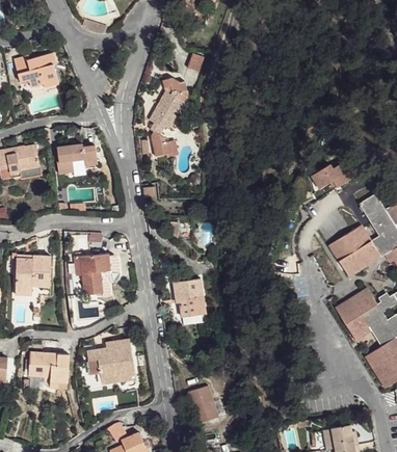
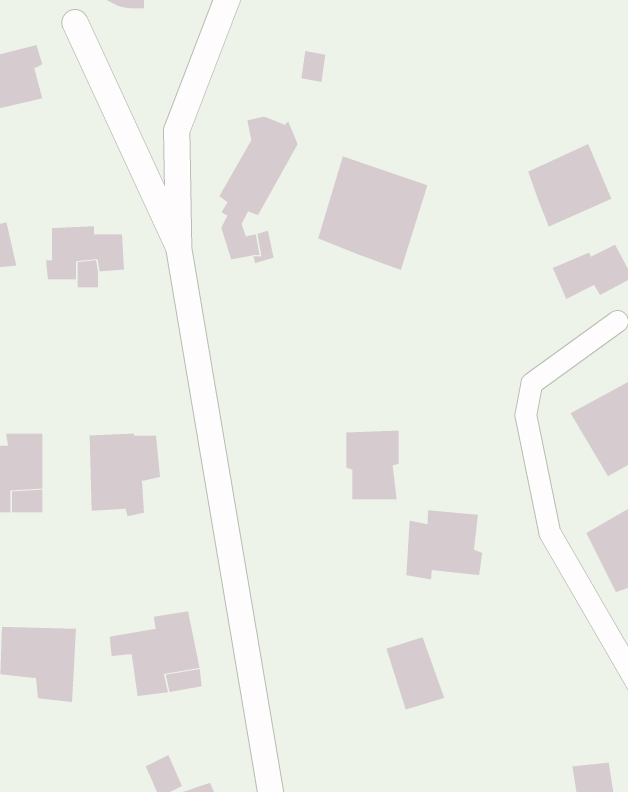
building: none -> [527,143,612,228]
building: none -> [317,156,428,271]
building: [170,282,198,318] -> [346,430,399,500]
building: none -> [406,510,483,580]
building: [186,383,217,422] -> [385,636,445,710]

